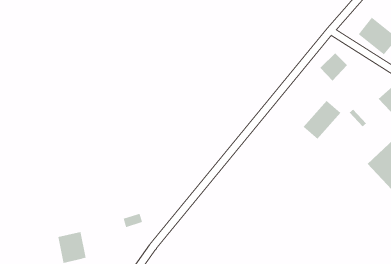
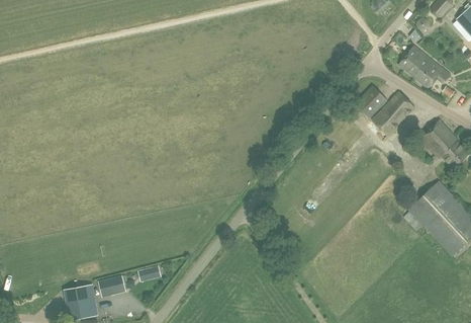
building: [303,100,341,139] -> [372,91,414,135]
building: none -> [99,275,126,296]

